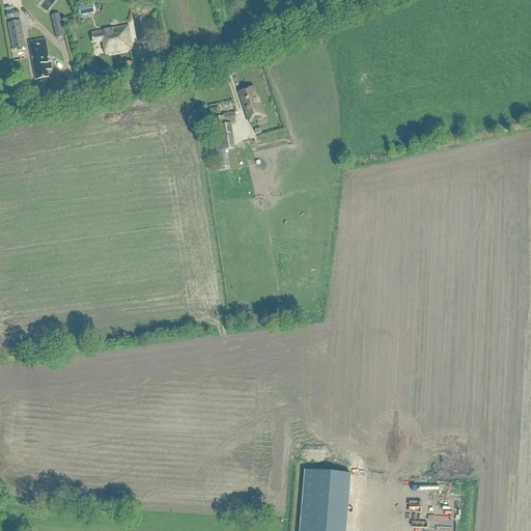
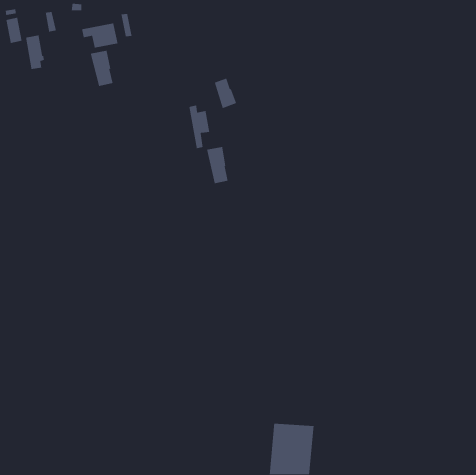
building: none -> [90,50,113,87]
building: none -> [206,146,228,184]

